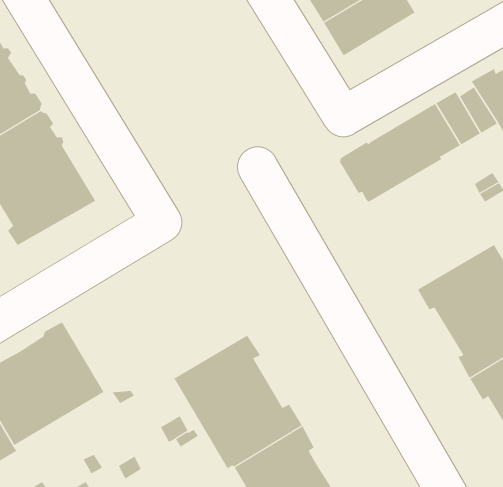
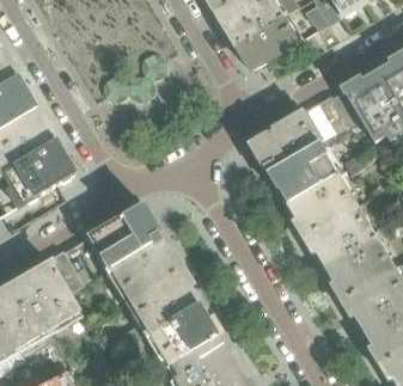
building: none -> [268,142,358,235]
building: none -> [91,203,182,299]
building: none -> [50,250,91,290]

